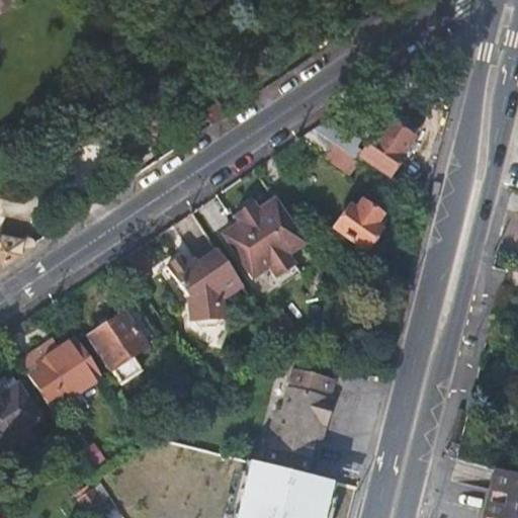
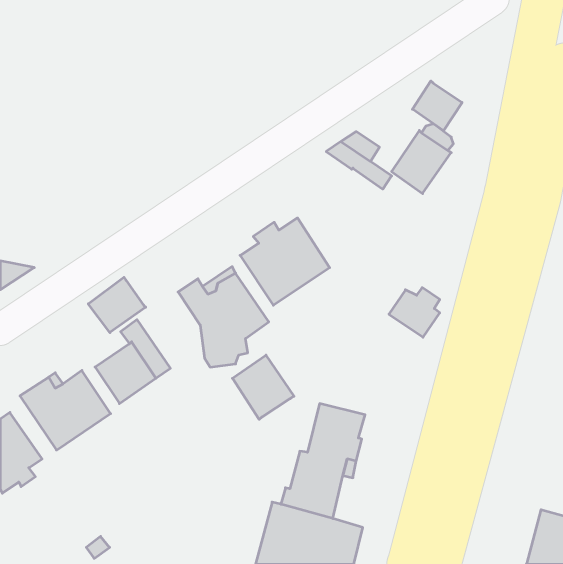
building: none -> [412,81,462,131]
building: [334,204,380,250] -> [389,288,440,337]
building: none -> [88,277,146,333]
building: none -> [232,355,294,419]

